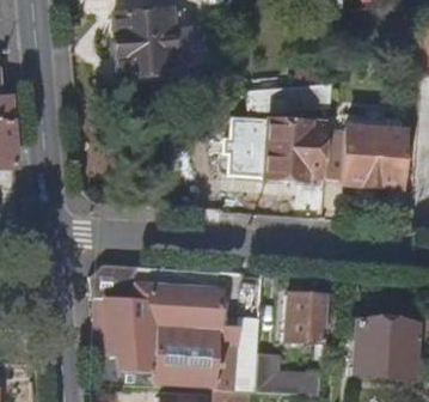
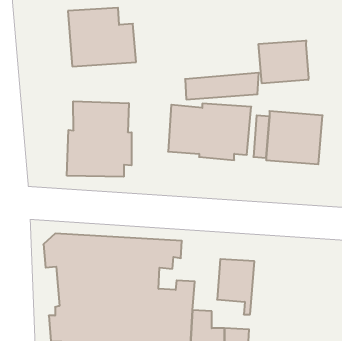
building: none -> [259,40,308,83]
building: none -> [67,101,132,177]
building: [354,322,416,378] -> none

